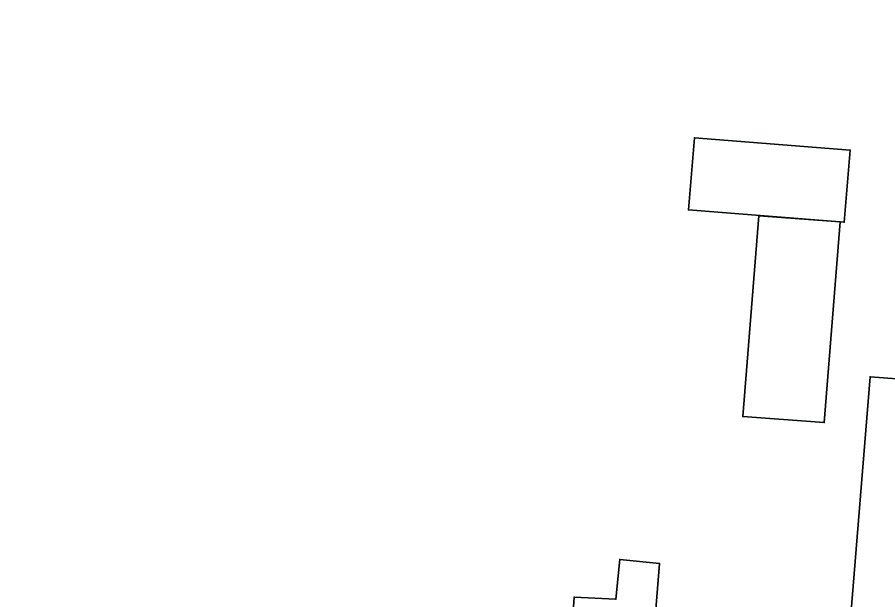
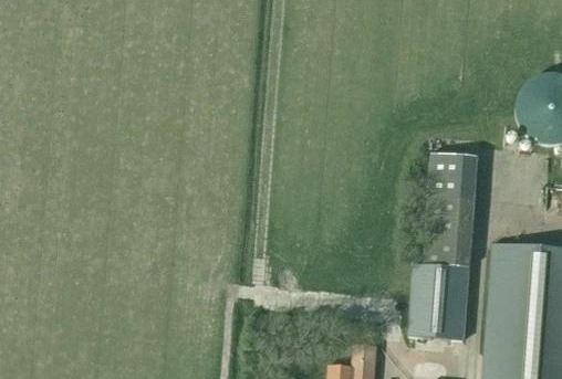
building: [689,138,850,222] -> none
building: none -> [409,262,468,338]

